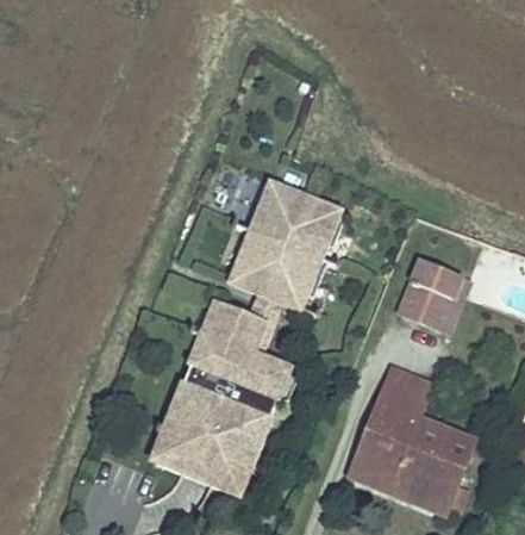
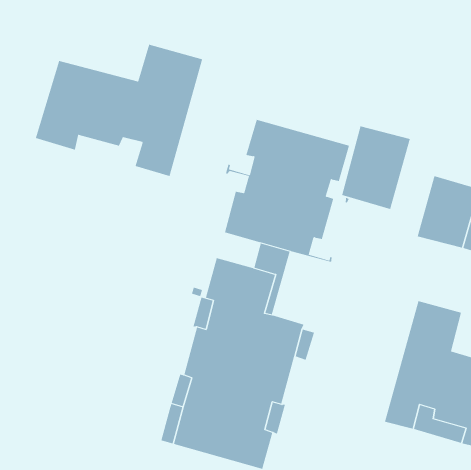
building: none -> [35,44,203,177]
building: none -> [341,125,410,210]

